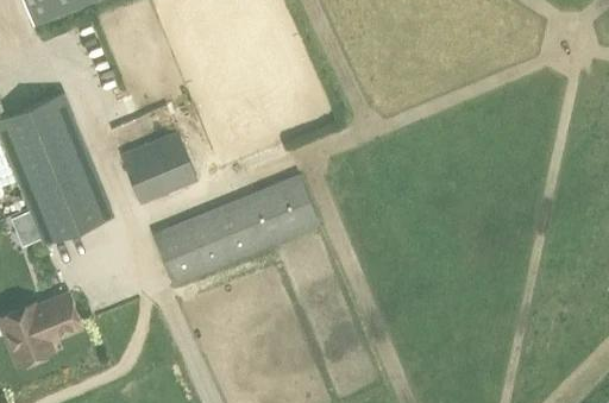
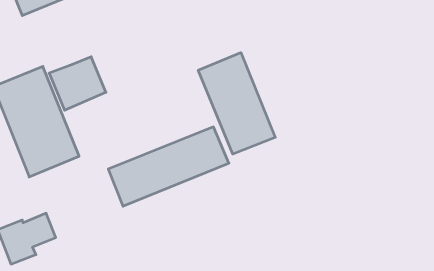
building: none -> [198,53,275,154]
building: [119,132,197,206] -> [49,57,106,110]

